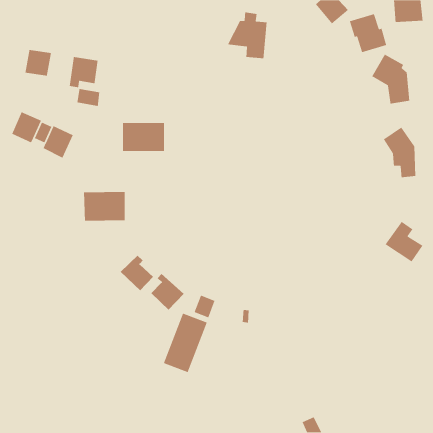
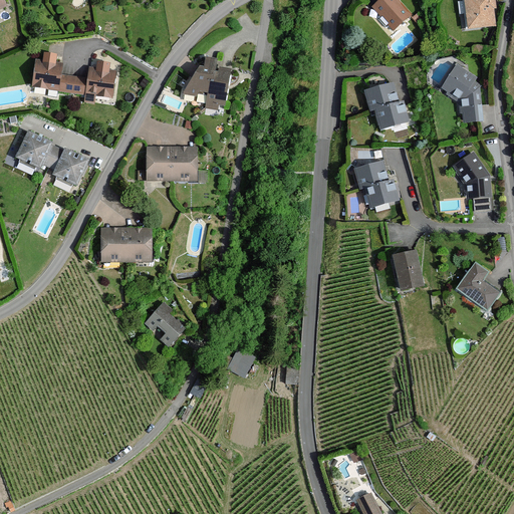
building: [227,12,268,59] -> [180,54,228,110]
building: [349,13,387,53] -> [364,81,410,128]
building: [76,88,100,107] -> [56,73,84,95]
building: none -> [353,156,401,207]
building: none -> [392,249,424,290]
building: [151,273,184,310] -> none
building: [163,312,208,373] -> none

